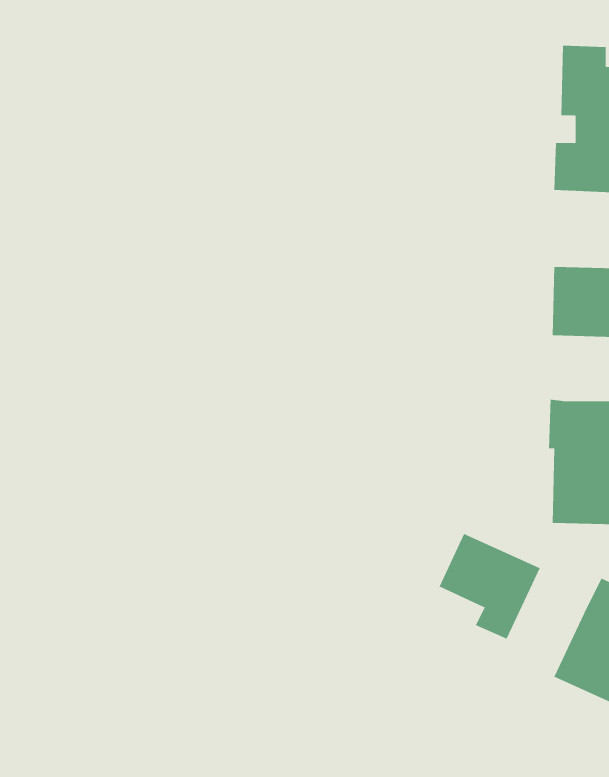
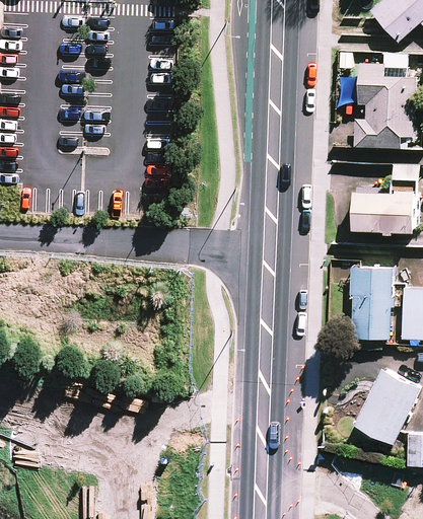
building: [439,533,540,639] -> none

